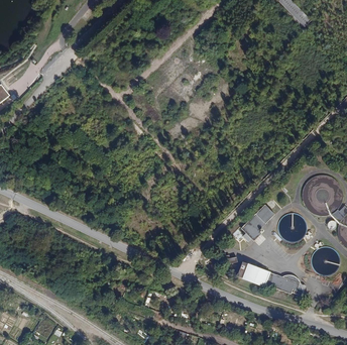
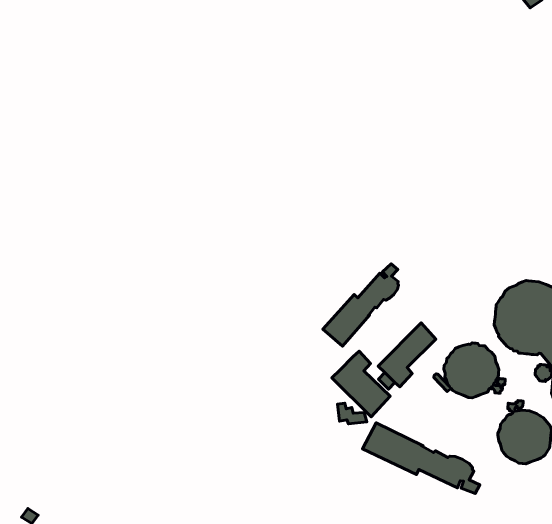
building: none -> [323,264,398,346]
building: none -> [332,351,390,417]

